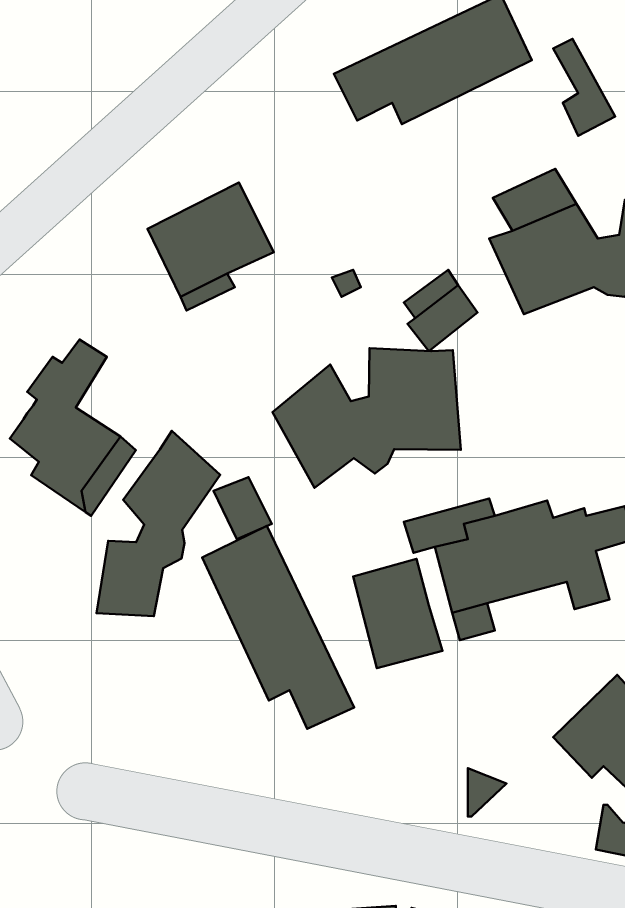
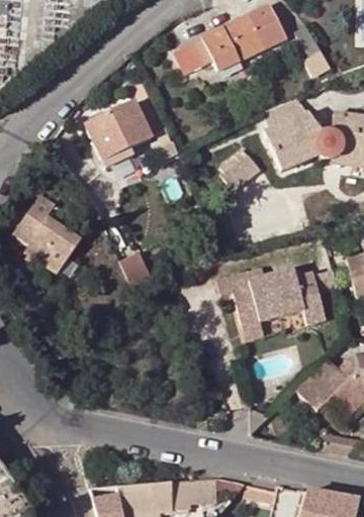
building: [273,348,461,488] -> none
building: [96,431,220,616] -> none
building: [202,526,354,729] -> none
building: [353,559,442,668] -> none

